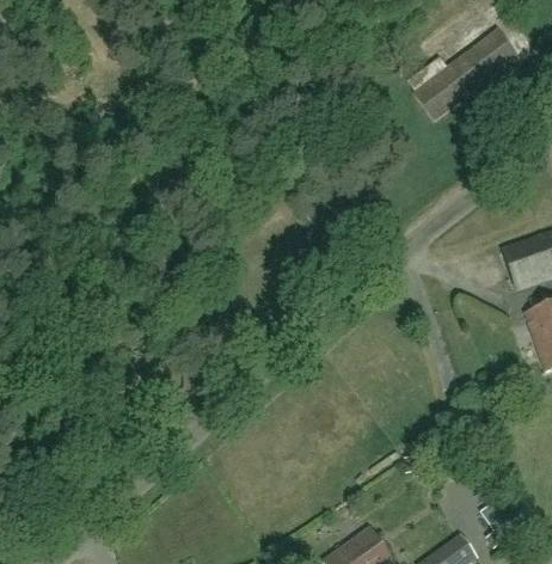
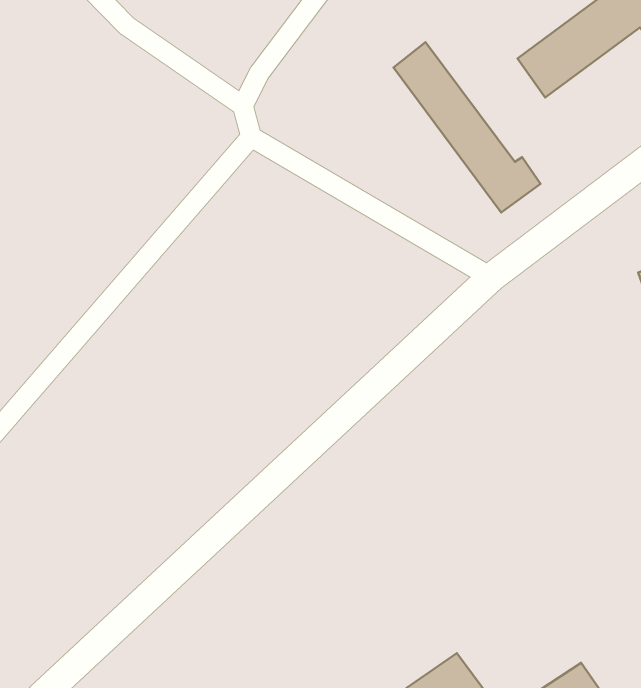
building: none -> [393,42,540,213]

